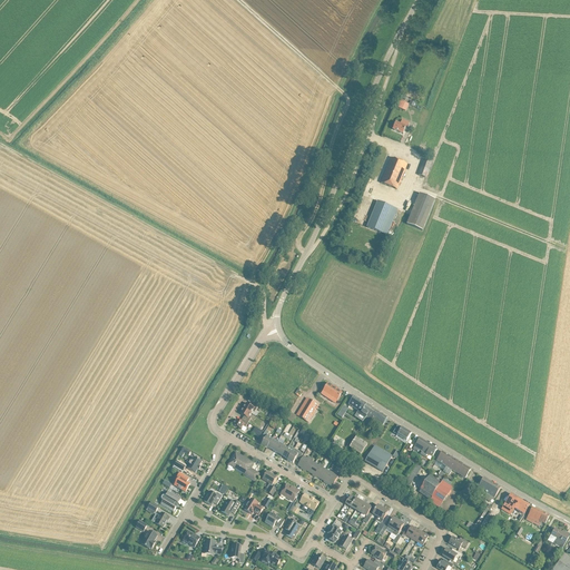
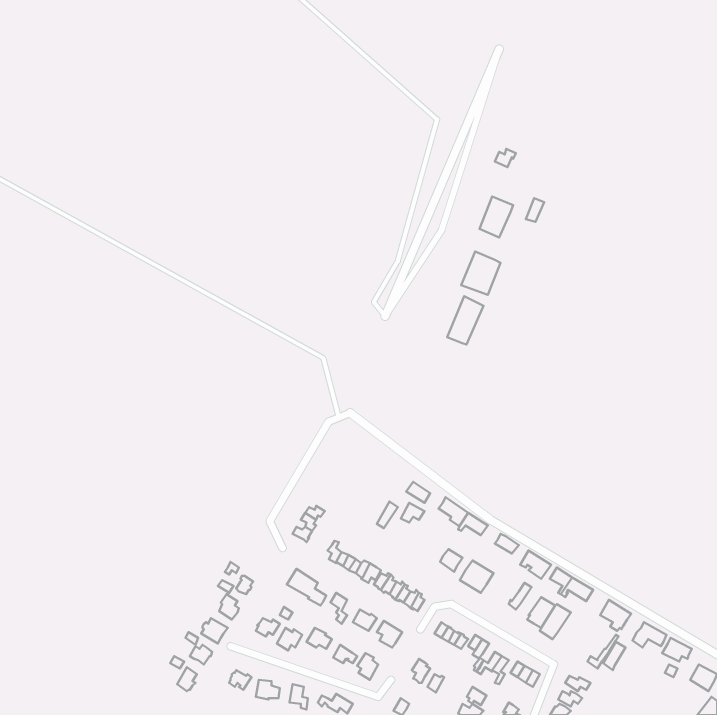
building: [406,191,434,228] -> none
building: none -> [447,296,483,344]

